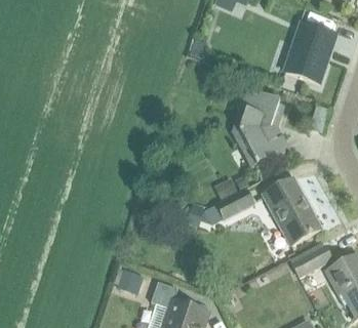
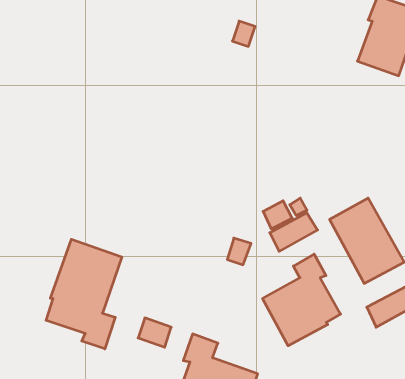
building: [242,89,290,162] -> none
building: none -> [46,239,122,349]
building: none -> [263,254,341,346]

